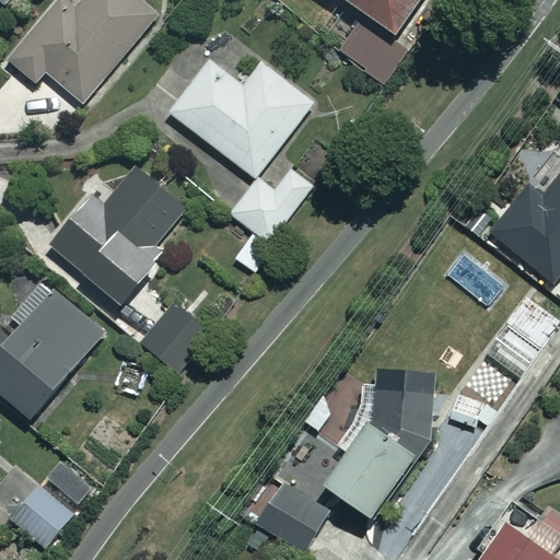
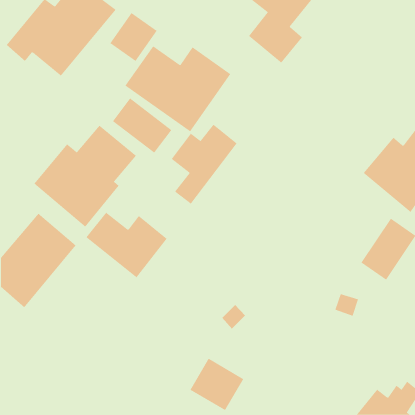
building: none -> [110,12,158,62]
building: none -> [112,98,172,154]
building: [318,378,430,521] -> none
building: [10,455,95,544] -> none

